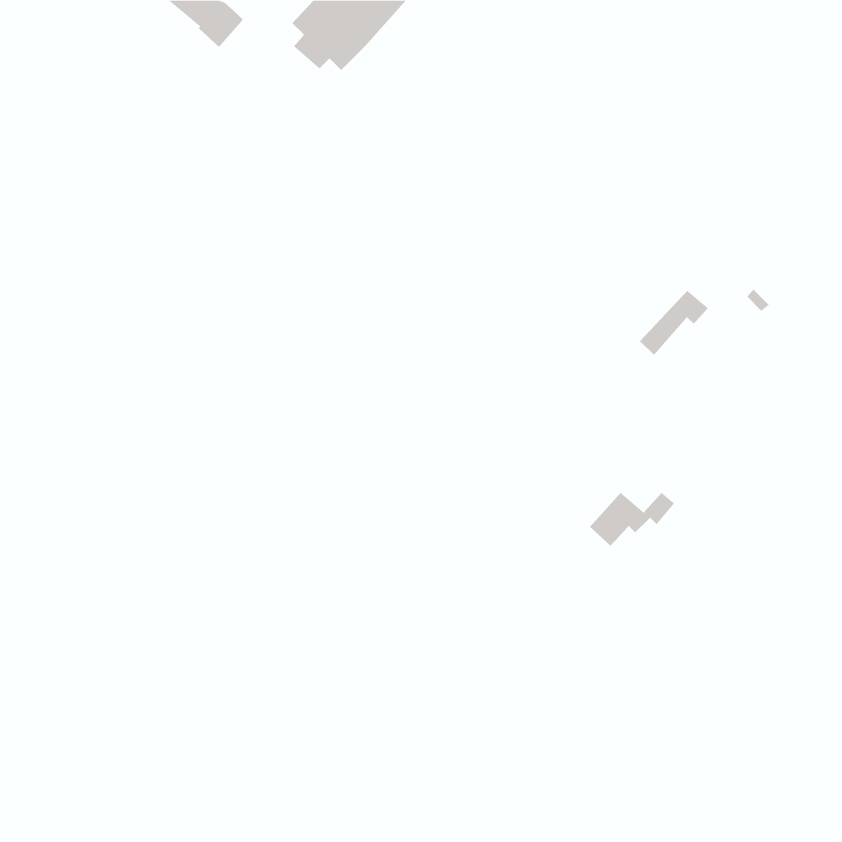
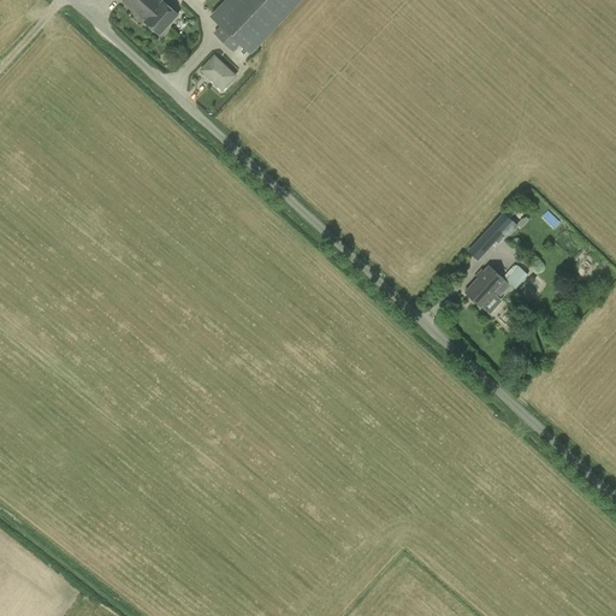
building: none -> [200,55,236,91]
building: [589,492,675,546] -> [466,266,528,306]

